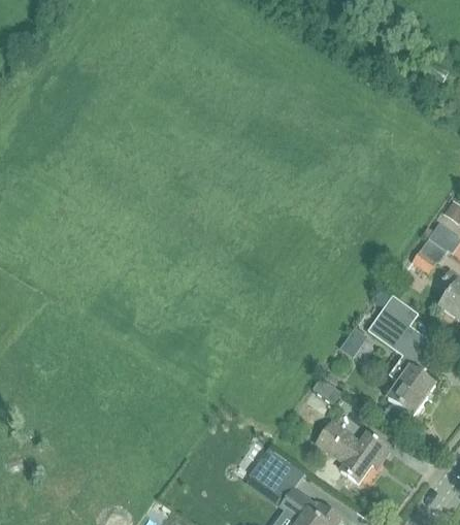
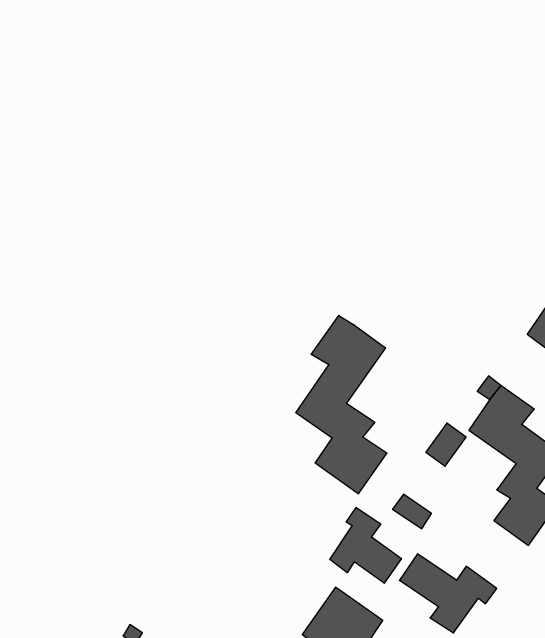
building: none -> [296,315,387,494]
building: none -> [330,507,401,583]

